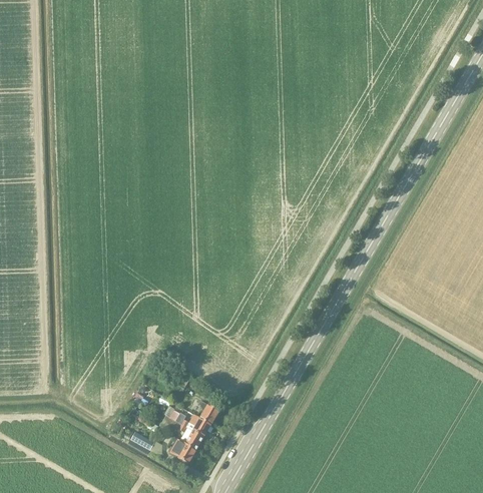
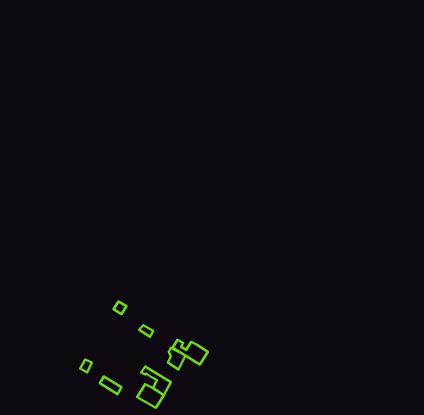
building: [175,411,211,436] -> [172,340,208,365]

